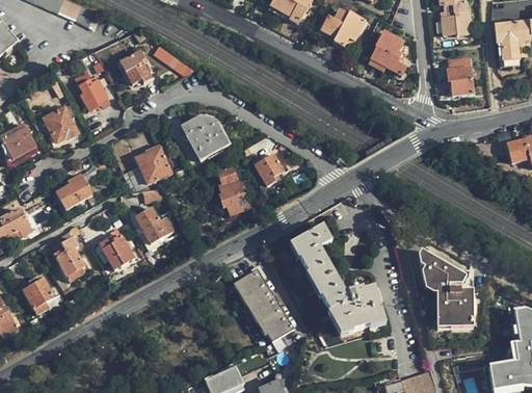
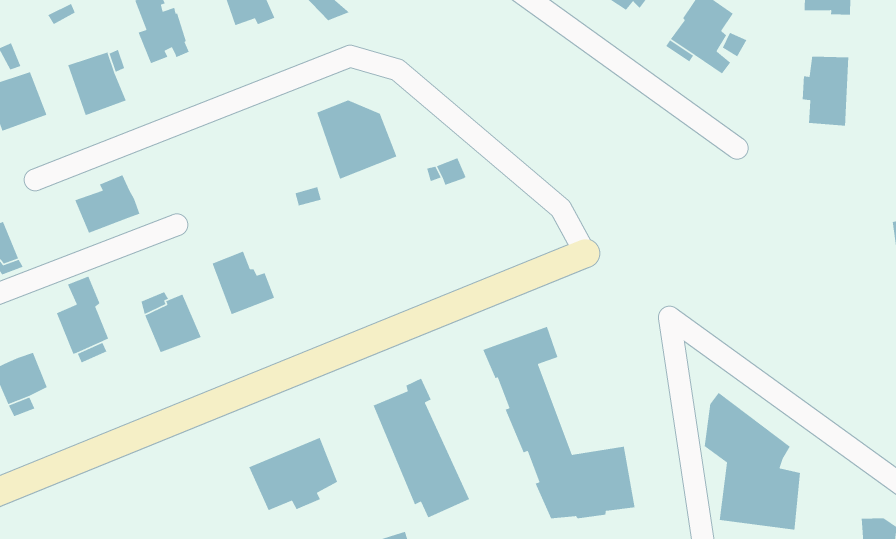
building: [135,145,174,184] -> none
building: [255,152,285,185] -> none
building: [218,164,252,214] -> none
building: none -> [248,437,338,511]

